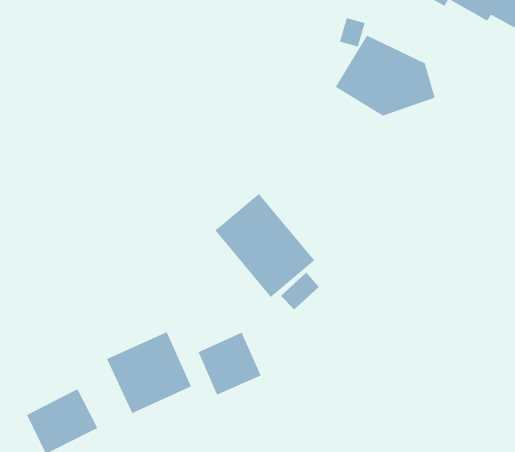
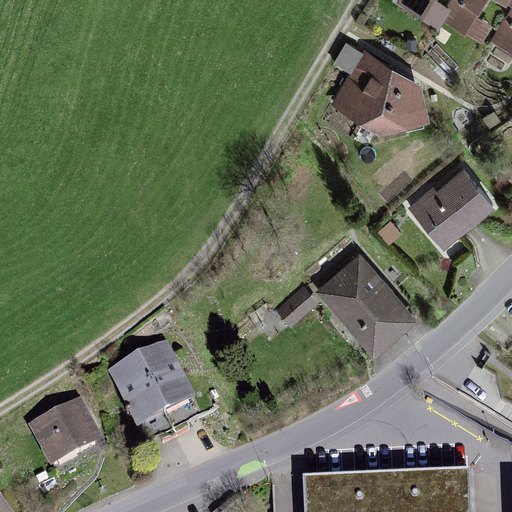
building: none -> [408,167,493,245]
building: [215,193,315,298] -> [316,251,415,354]
building: [198,332,262,396] -> none

